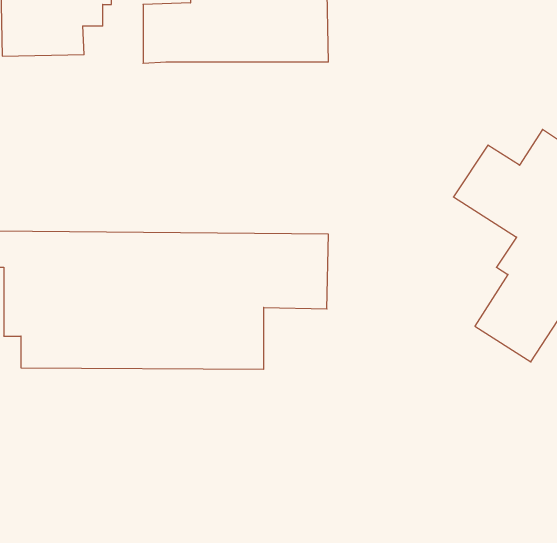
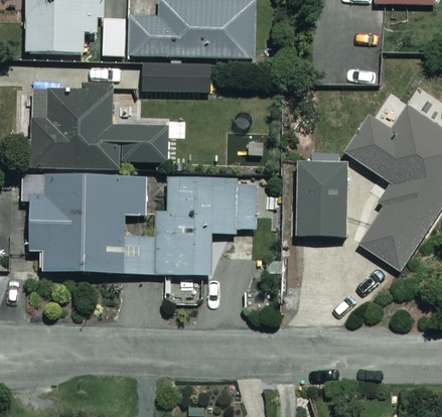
building: none -> [143,57,210,99]
building: none -> [31,91,168,169]
building: none -> [296,164,348,237]

